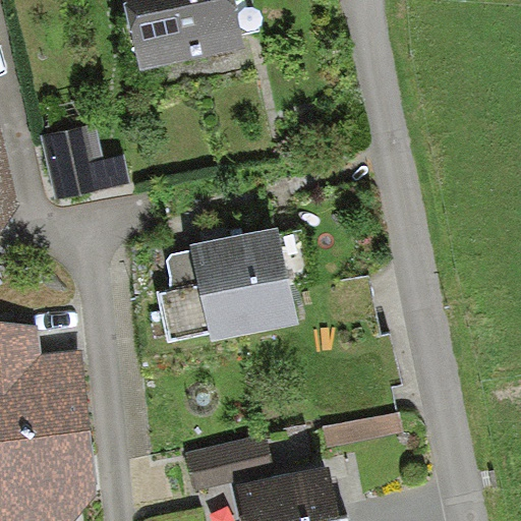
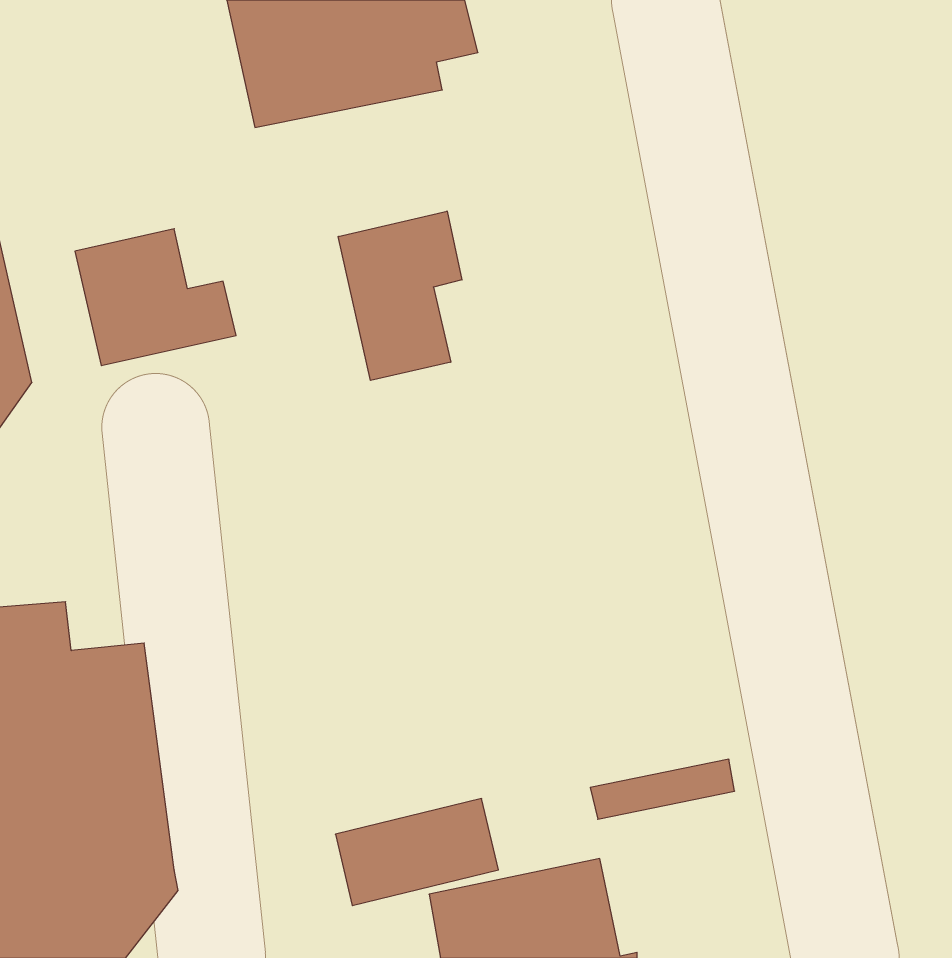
building: none -> [338,211,462,380]
building: [156,228,291,341] -> none

